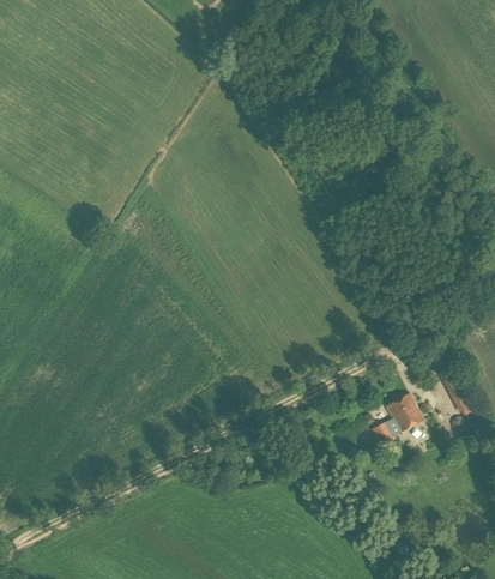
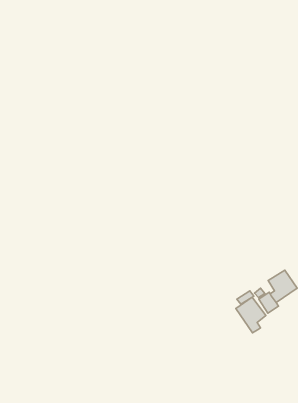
building: none -> [236,297,266,333]

